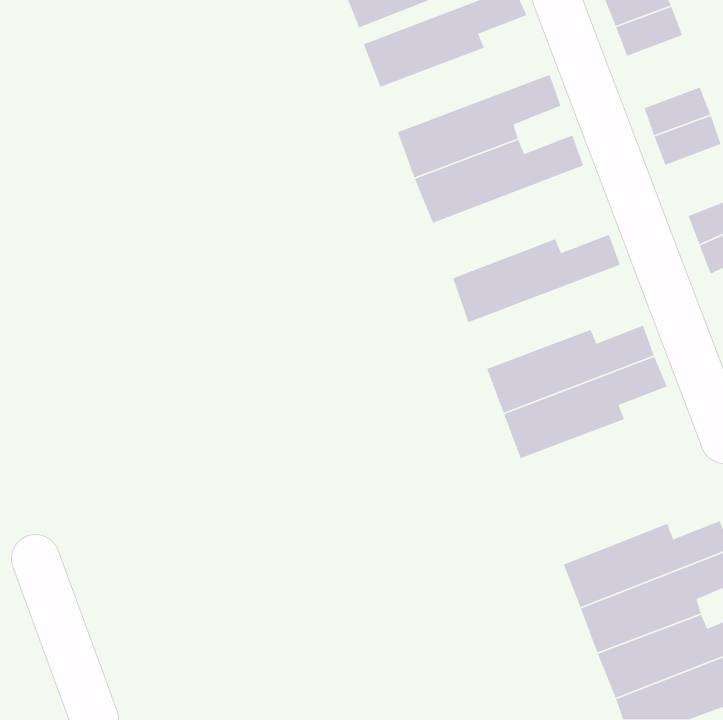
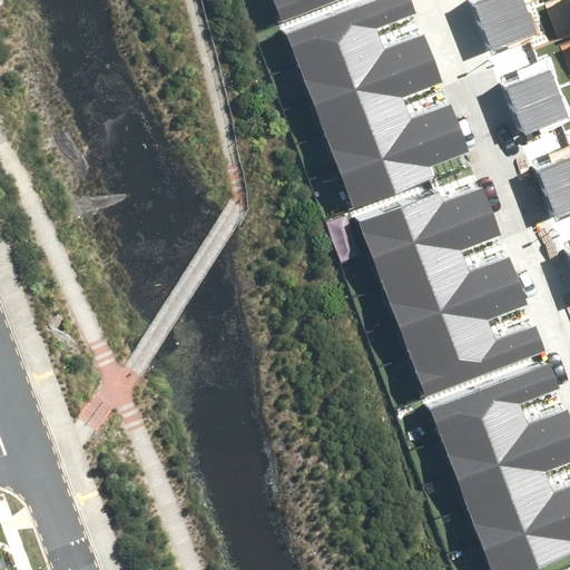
building: none -> [299,35,433,104]
building: none -> [341,130,470,212]
building: none -> [368,208,499,289]
building: none -> [410,326,543,397]
building: none -> [430,362,559,443]

